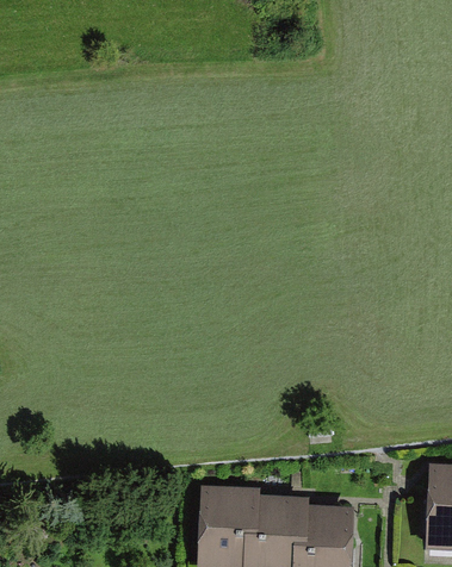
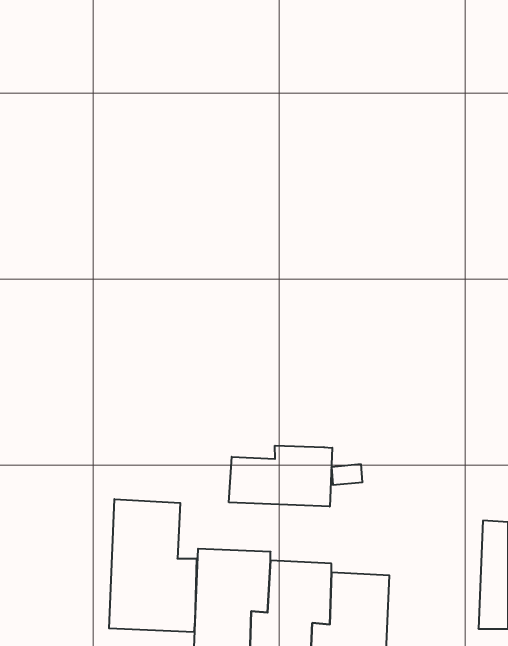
building: none -> [229,446,332,507]
building: none -> [109,499,197,632]

